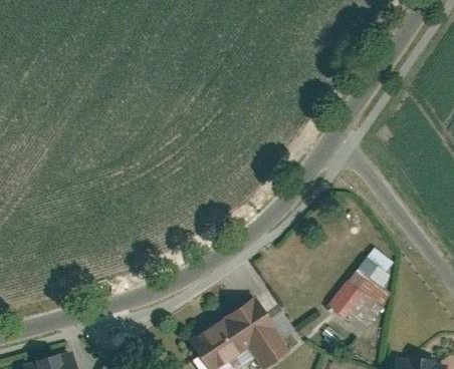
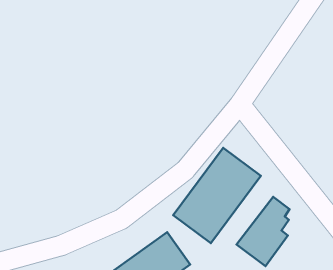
building: none -> [173,148,261,243]

